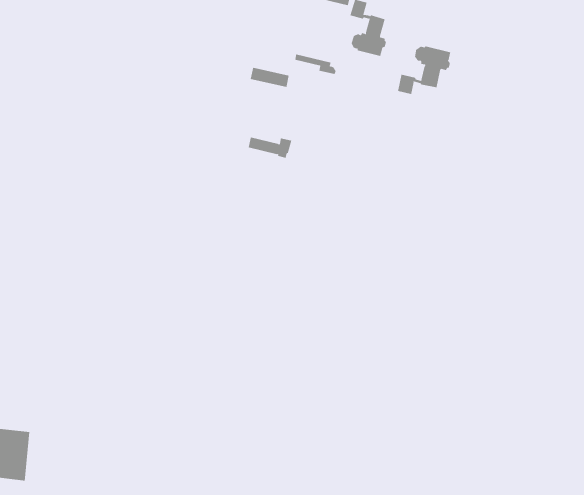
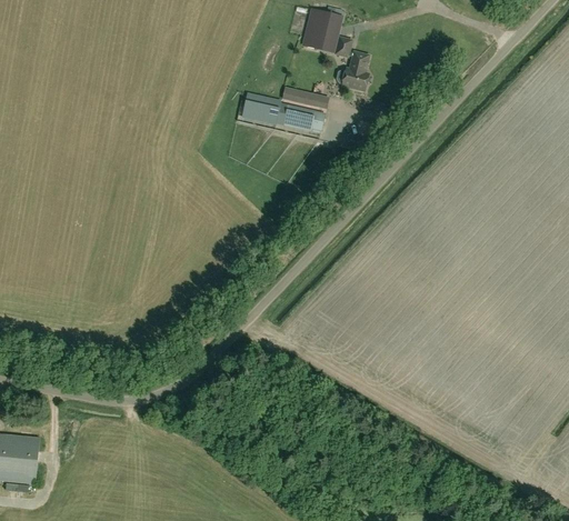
building: [397,46,451,95] -> none
building: [248,137,292,158] -> [282,109,323,129]

